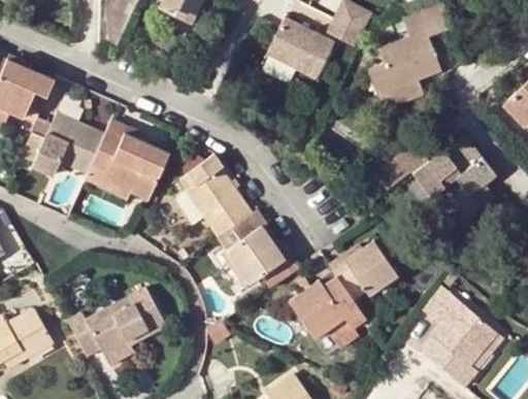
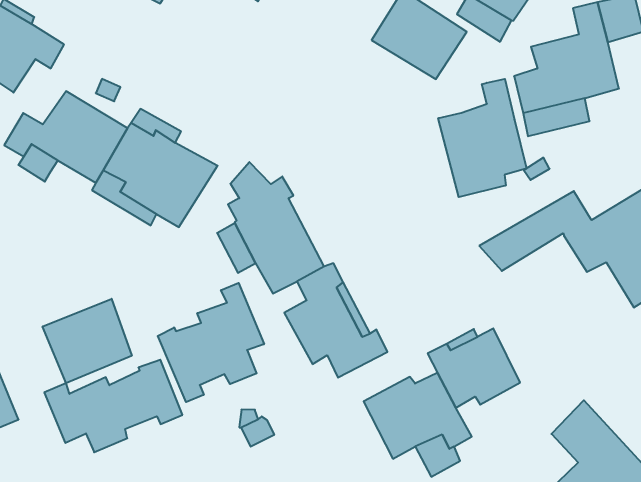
building: none -> [438,79,527,197]
building: none -> [158,283,264,402]
building: none -> [43,299,132,383]

